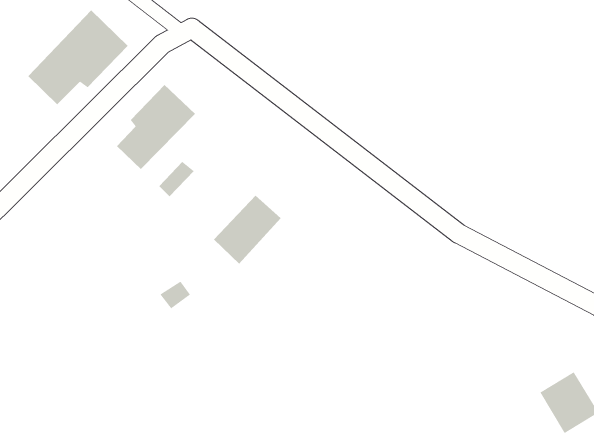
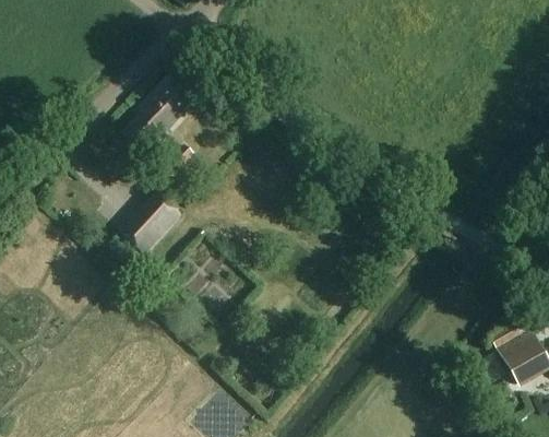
building: [28,10,128,105] -> none
building: [213,195,282,264] -> [120,190,180,251]

